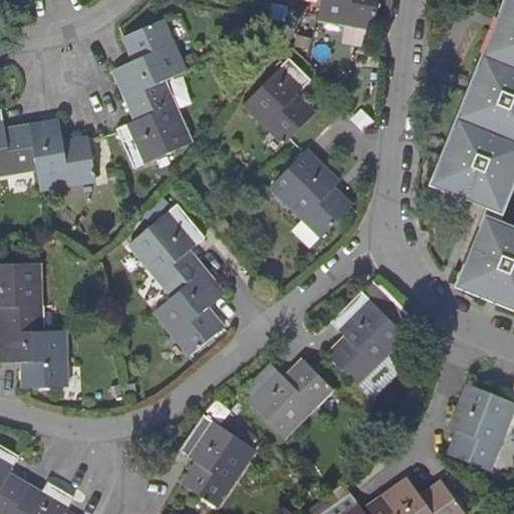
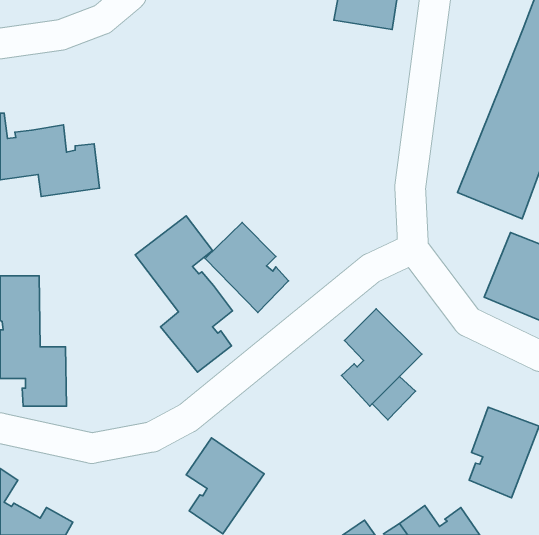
building: [115,19,190,167] -> none
building: [244,59,312,144] -> none
building: [270,152,349,237] -> [205,223,289,312]
building: [238,361,329,437] -> none

